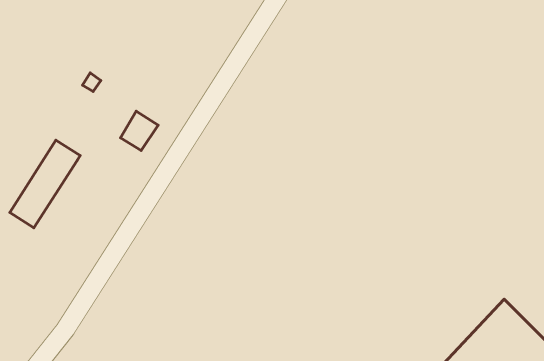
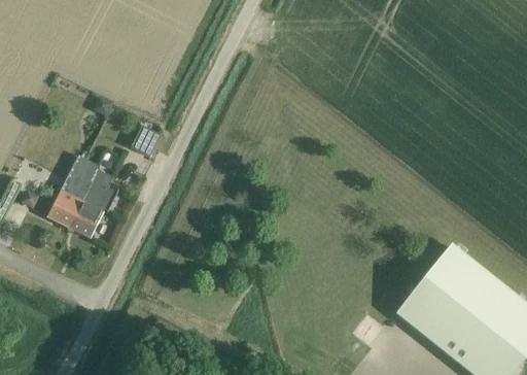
building: none -> [69,169,118,237]

